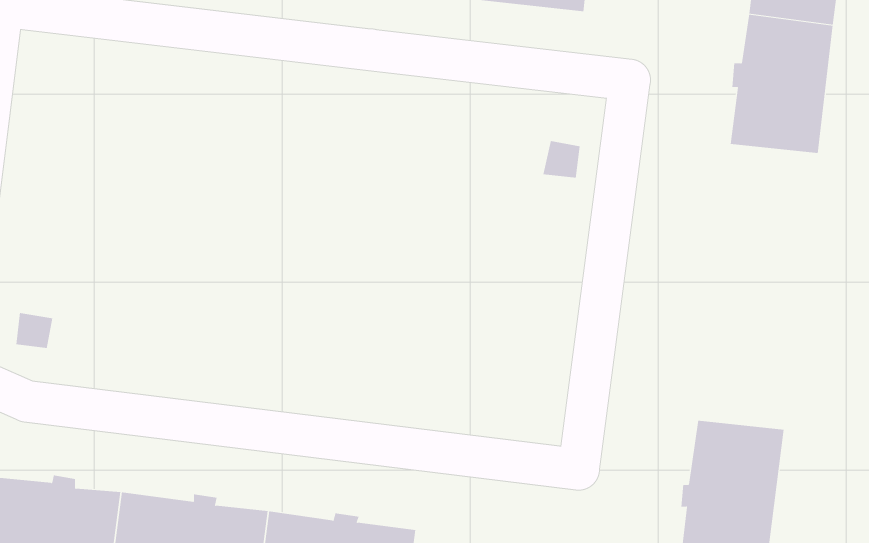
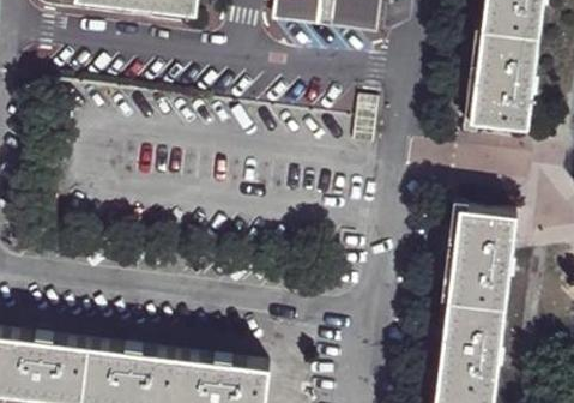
building: none -> [447,216,514,307]

